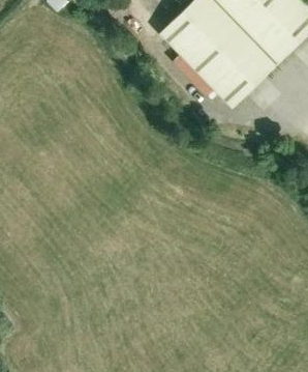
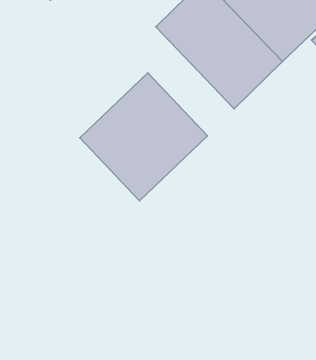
building: none -> [80,73,207,201]

